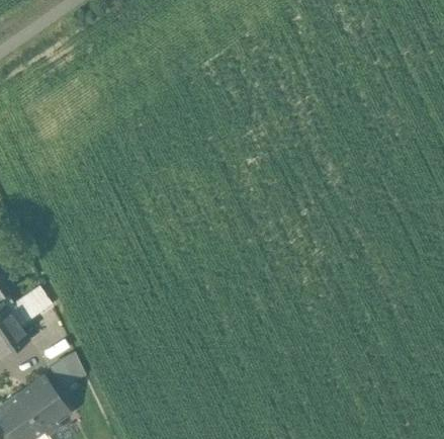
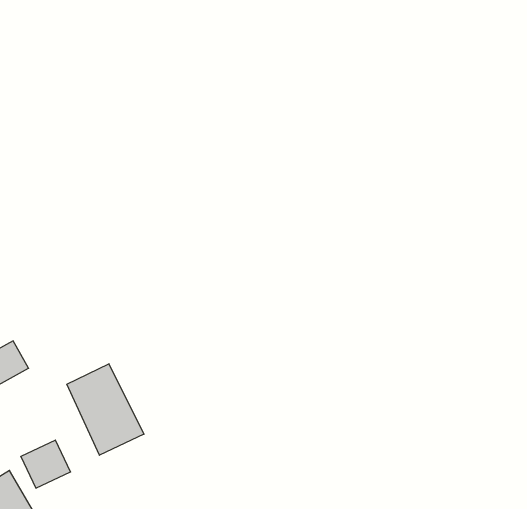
building: none -> [67,364,144,455]

